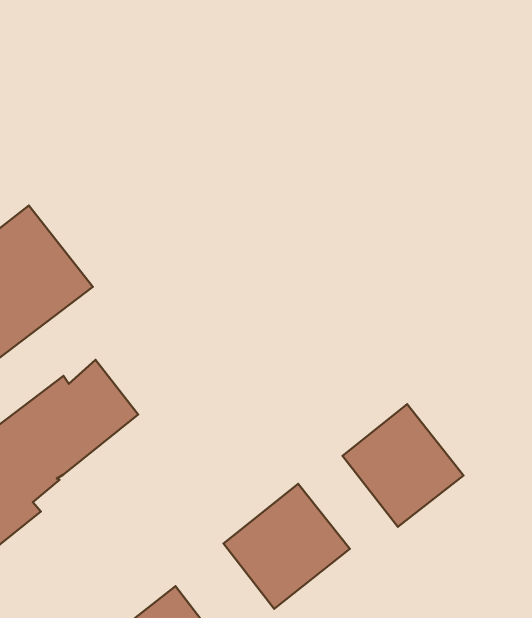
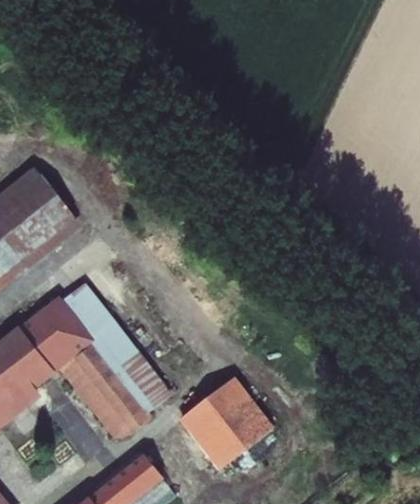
building: [343,404,464,527] -> none
building: none -> [59,323,171,446]

